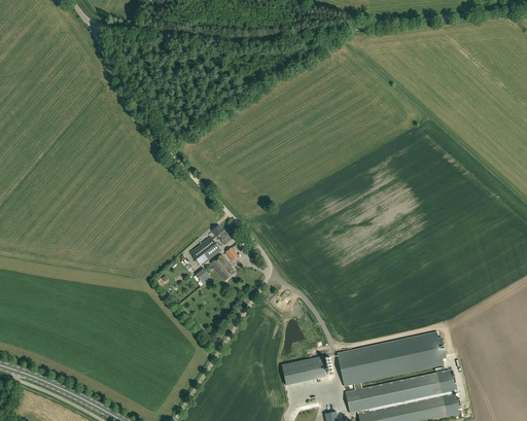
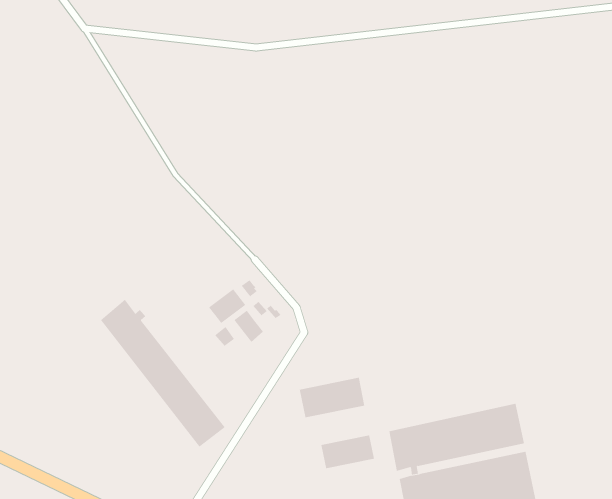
building: none -> [100,299,225,448]
building: none -> [299,377,365,418]

